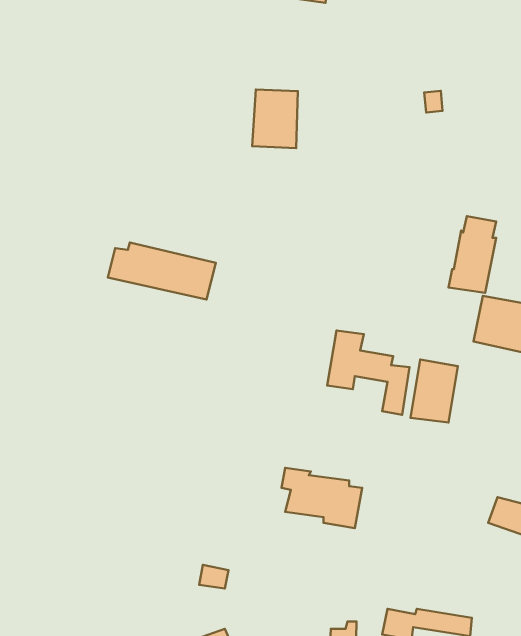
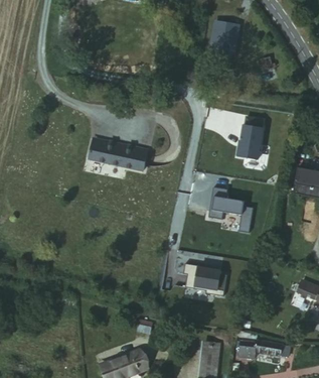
building: [252,89,298,148] -> [212,22,237,54]
building: [448,216,496,293] -> [236,118,263,160]
building: [410,360,458,423] -> none

